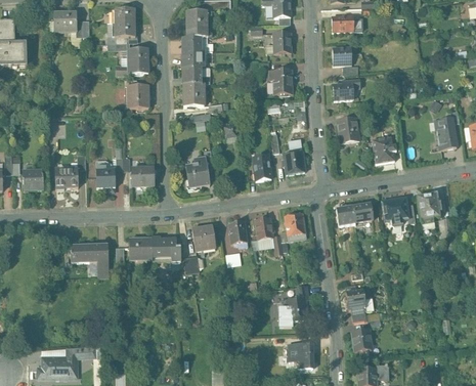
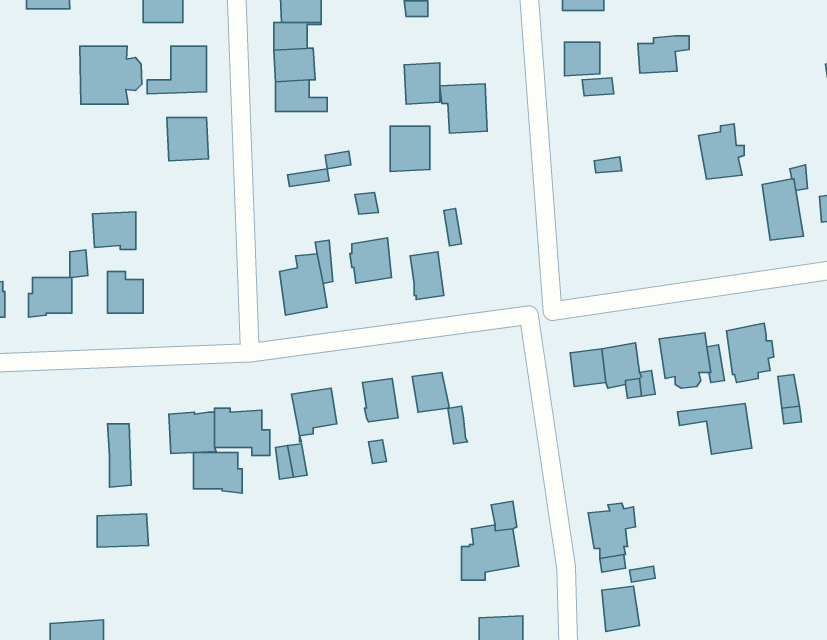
building: [272,32,291,53] -> [404,63,440,104]
building: none -> [80,46,142,104]
building: [333,80,359,99] -> [638,36,689,73]
building: [183,83,204,106] -> [390,126,430,172]
building: [337,117,358,141] -> none
building: [372,134,395,163] -> [699,124,744,179]
building: [283,151,304,174] -> [350,238,391,283]
building: [131,167,154,186] -> [92,212,136,249]
building: [284,213,305,241] -> none
building: none -> [677,404,752,454]
building: [71,245,97,262] -> [97,514,149,547]
building: none -> [193,453,242,493]

